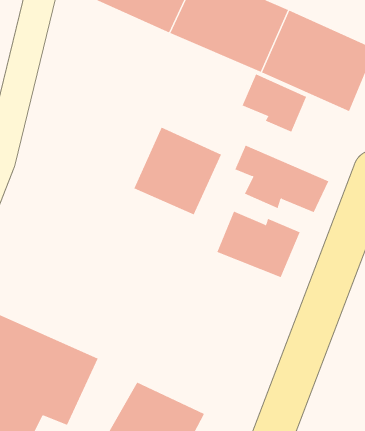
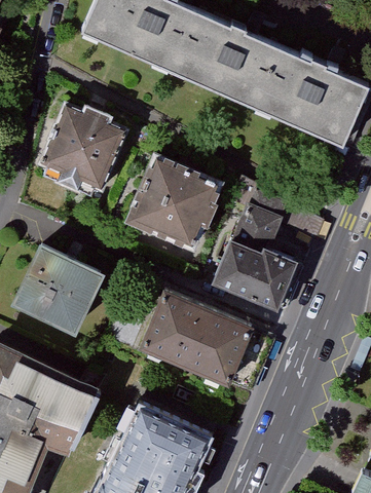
building: none -> [42,106,127,191]
building: [242,73,307,133] -> none
building: none -> [13,250,102,336]
building: none -> [142,296,268,391]

